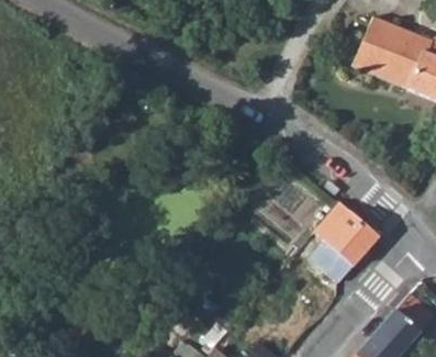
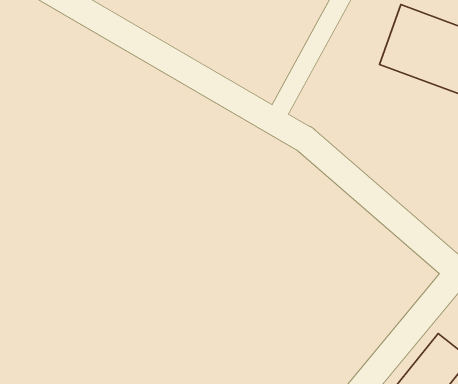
building: [306,207,377,285] -> none

